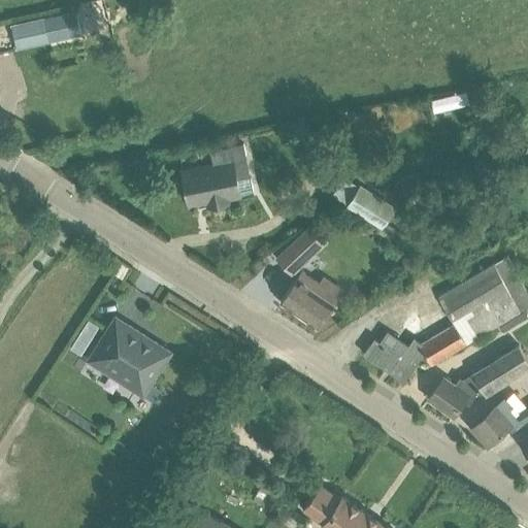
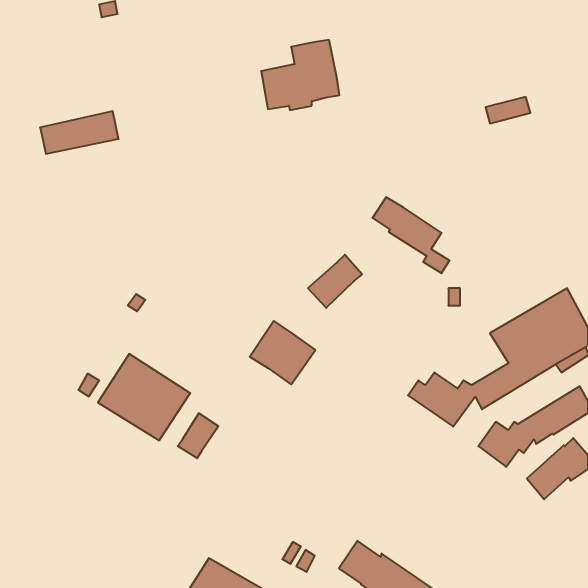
building: [11,11,81,50] -> [40,111,119,154]
building: [183,144,253,207] -> [261,40,339,110]
building: [279,271,338,328] -> [250,321,315,384]
building: none -> [178,413,218,458]

